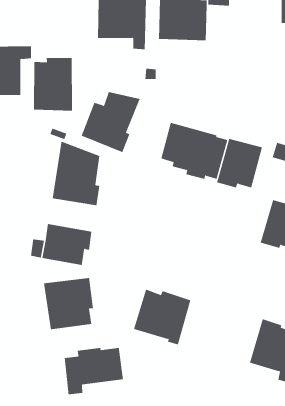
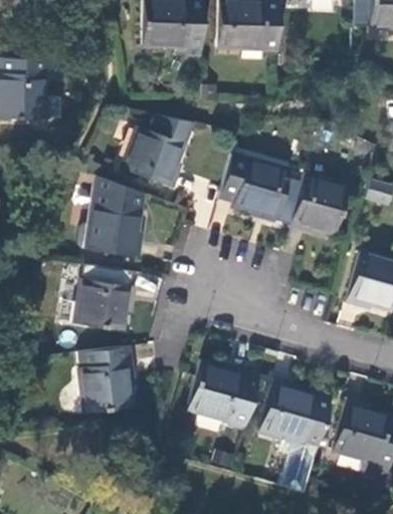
building: [33,57,72,112] -> none
building: none -> [260,377,333,493]
building: [64,347,123,395] -> none

